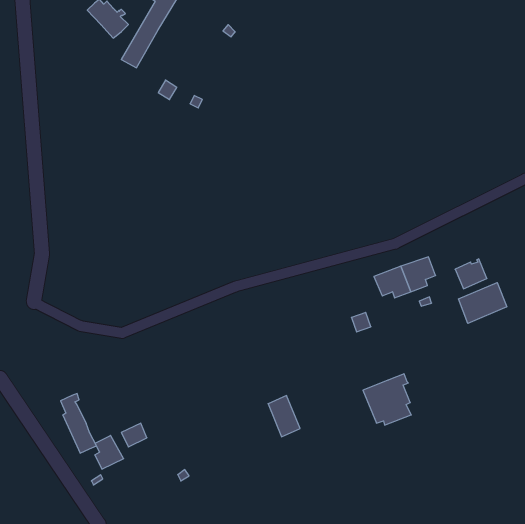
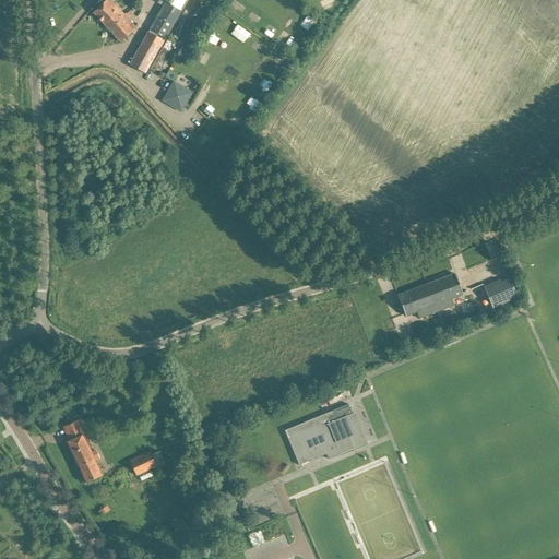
building: [458,283,507,323] -> none
building: [363,374,411,425] -> [305,403,356,457]
building: [95,435,124,469] -> none

